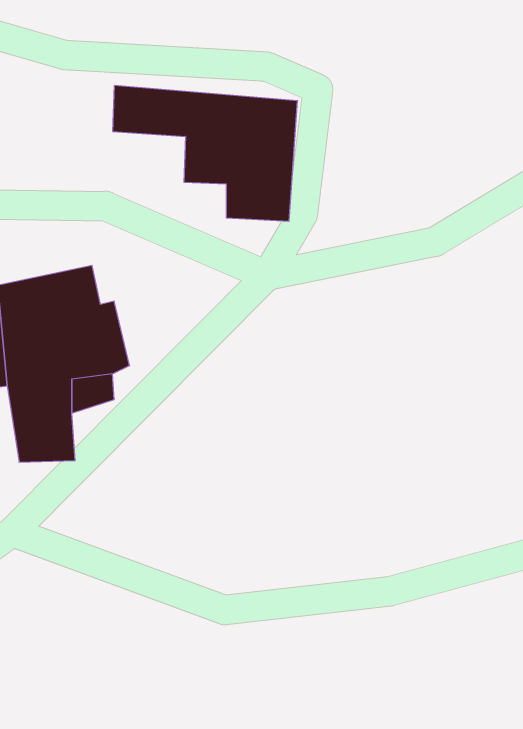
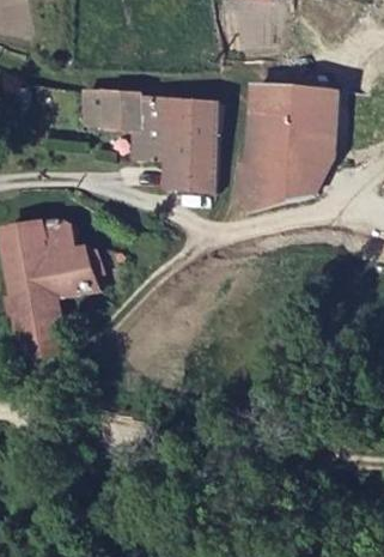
building: none -> [232,85,339,210]

